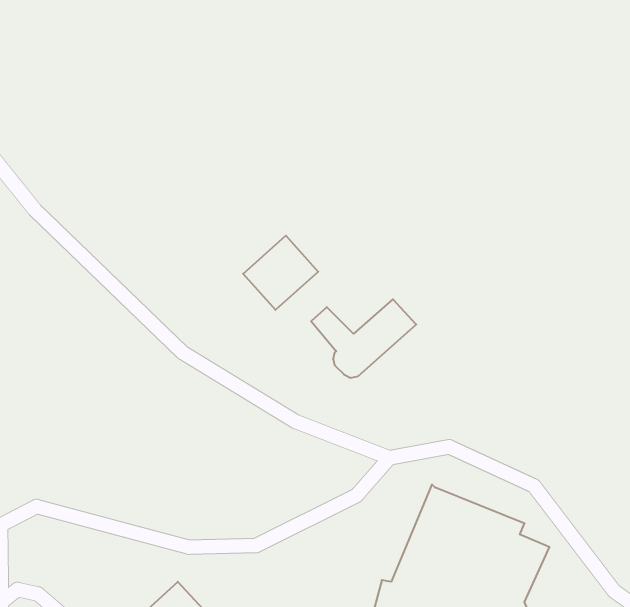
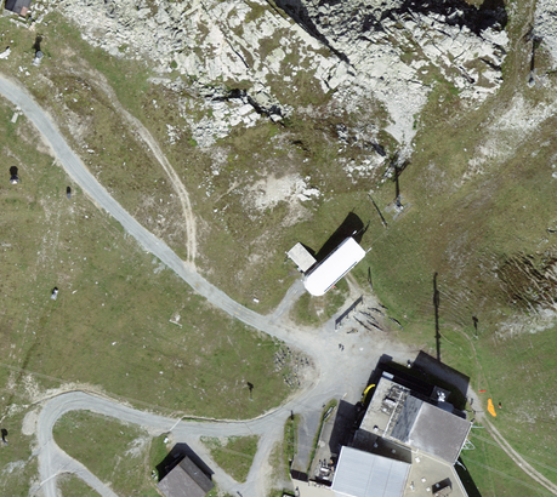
building: [243,236,318,310] -> none

